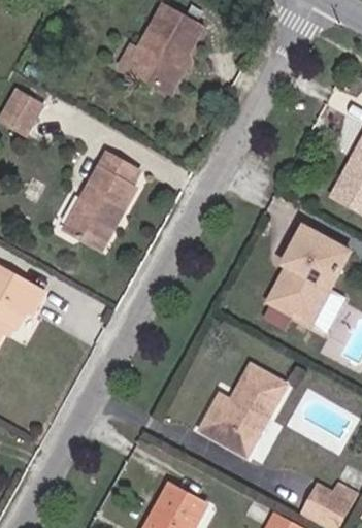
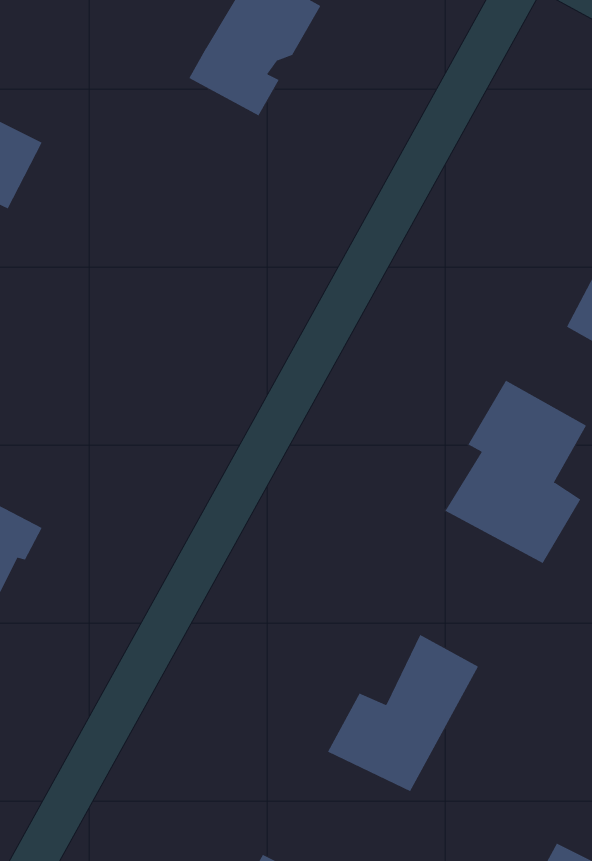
building: [65,150,135,241] -> none

